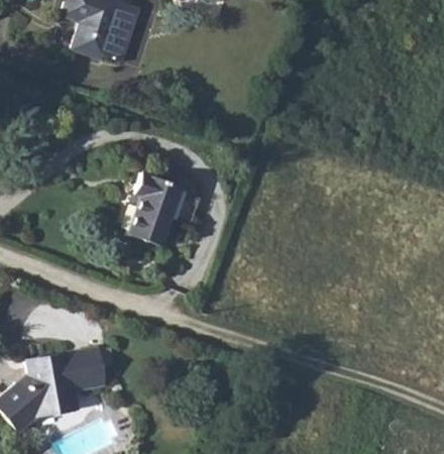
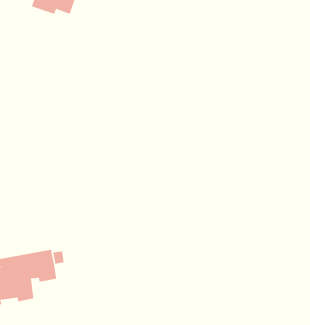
building: [128,173,182,243] -> none

